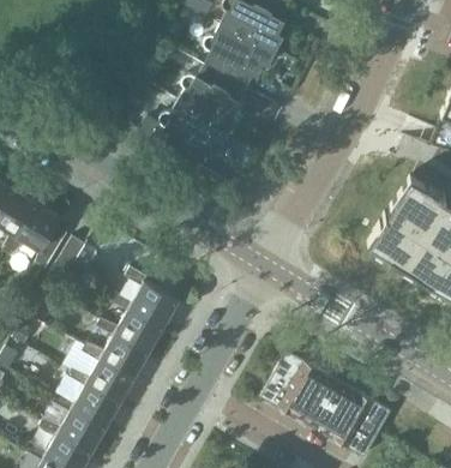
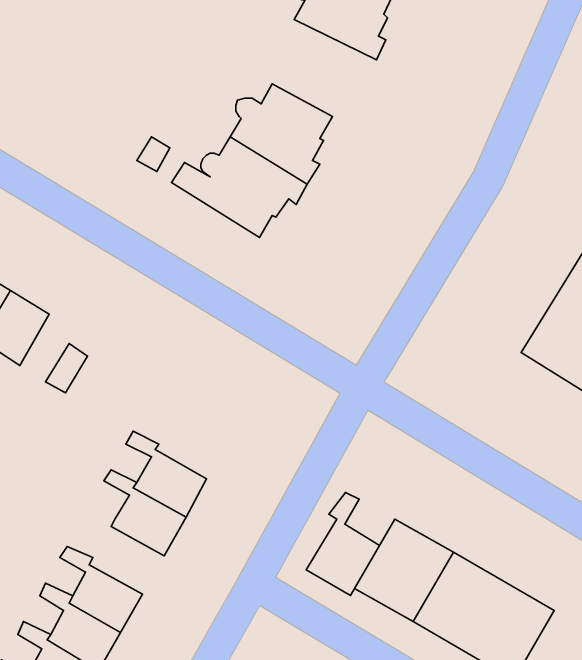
building: [205,25,276,89] -> none
building: [126,269,180,326] -> none
building: none -> [306,492,379,596]
building: [83,346,137,402] -> none

